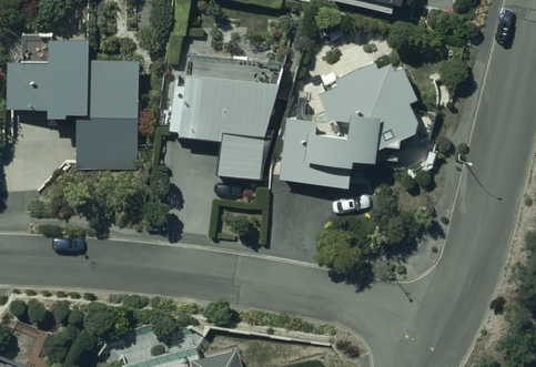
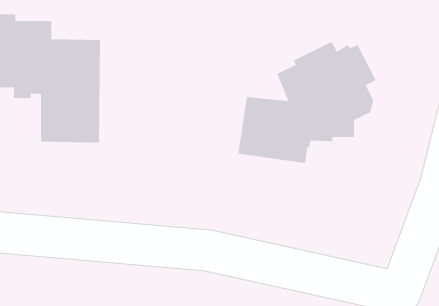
building: [169,77,277,179] -> none

